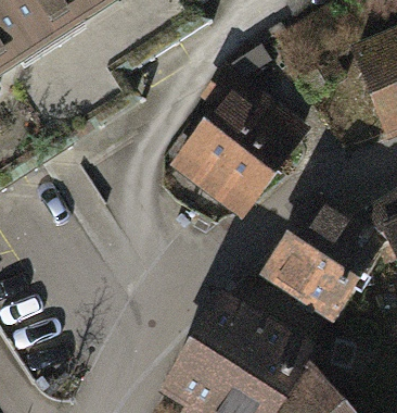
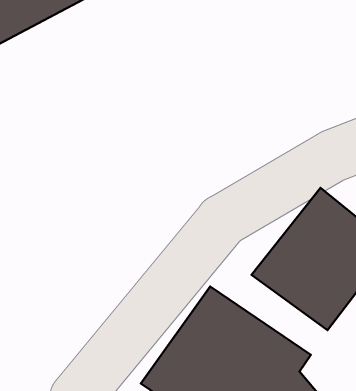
building: [171,49,297,209] -> none

